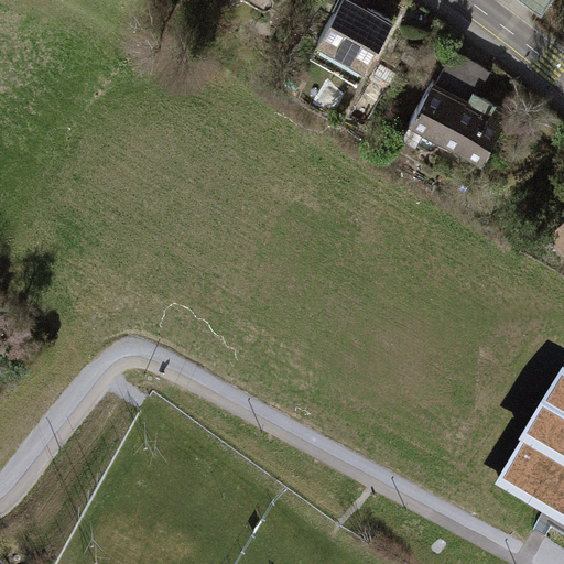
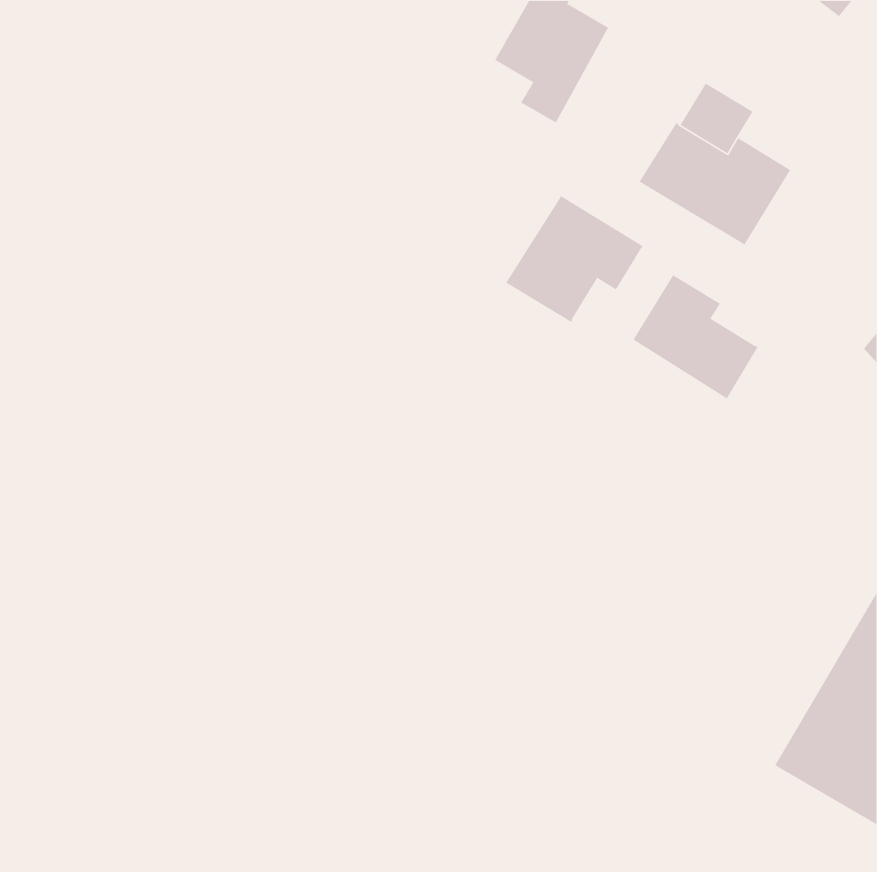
building: none -> [505,195,644,323]
building: none -> [633,274,759,399]

